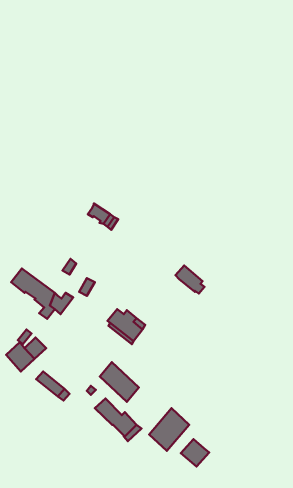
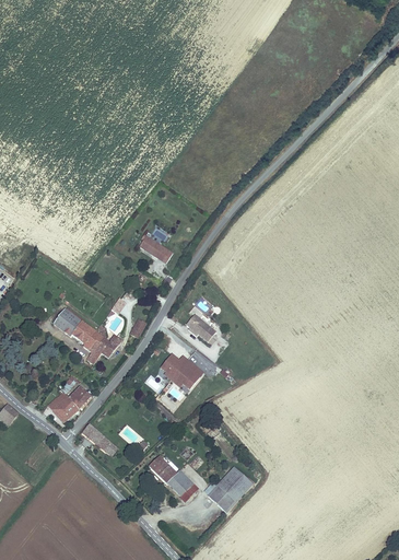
building: [175,265,205,294] -> [185,313,218,345]
building: [100,362,139,402] -> none
building: [181,439,209,467] -> none

